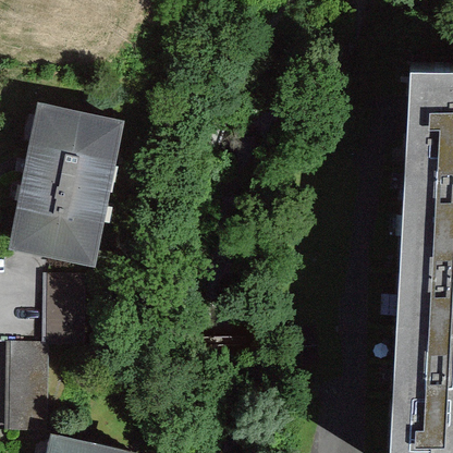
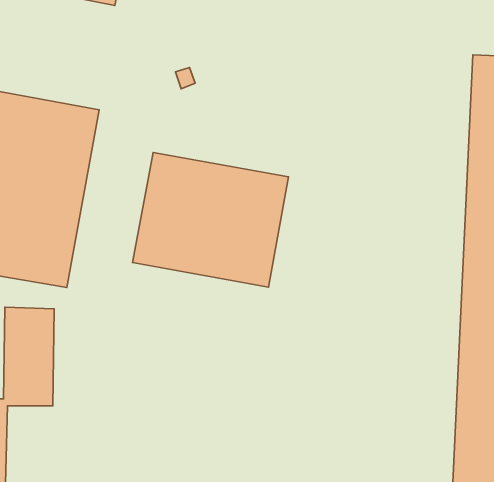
building: none -> [132,153,288,287]

